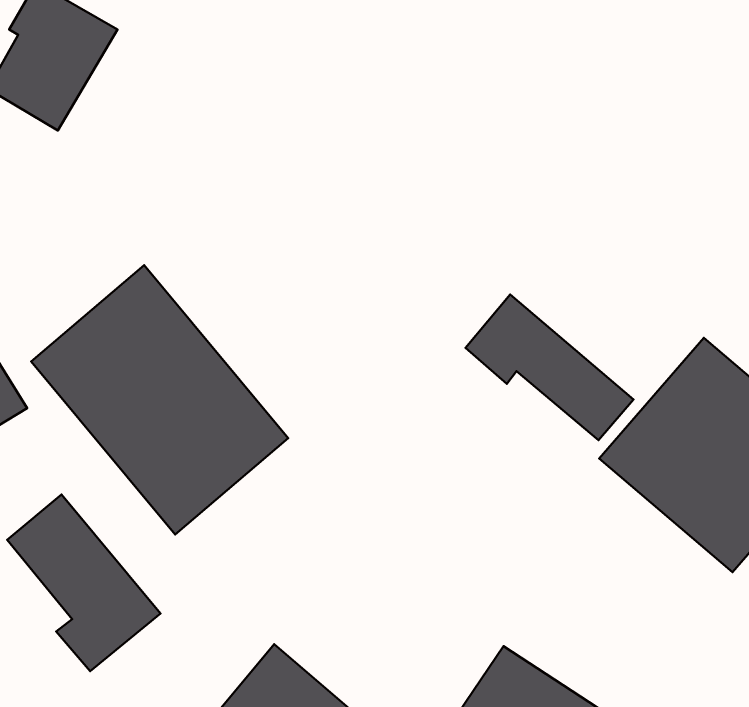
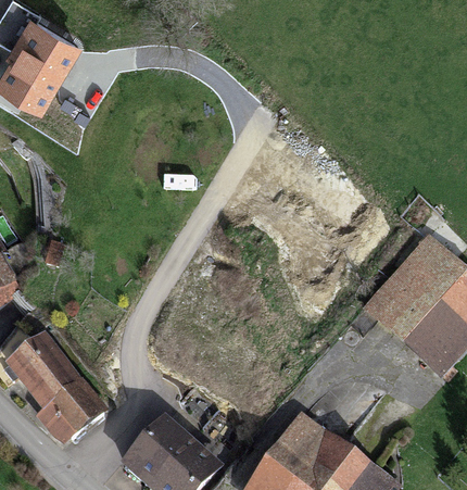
building: [31,265,288,534] -> none
building: [466,294,633,440] -> none

